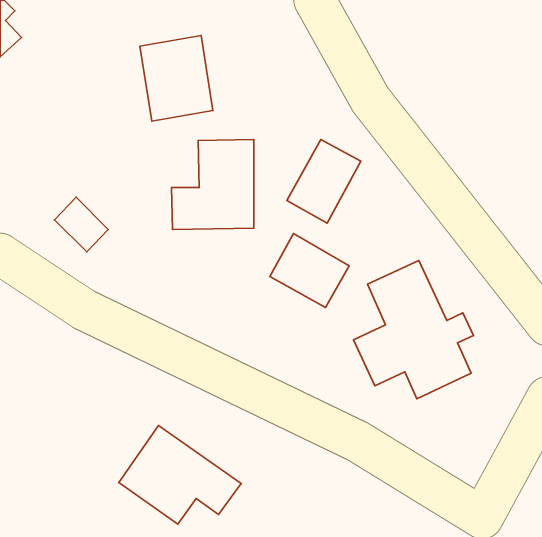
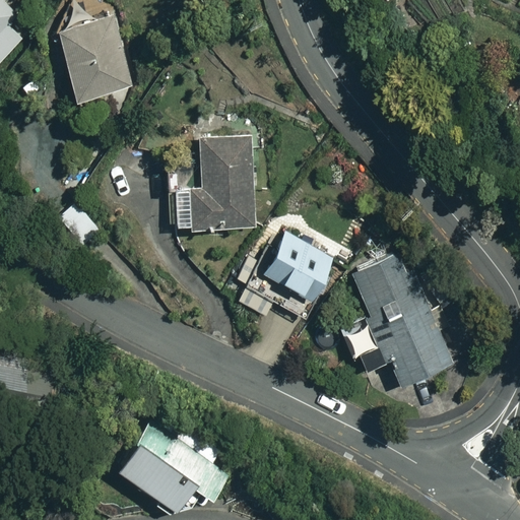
building: [140,35,213,121] -> [64,20,133,102]
building: [287,139,361,223] -> none

